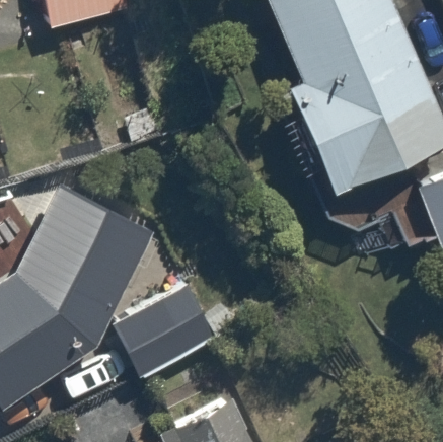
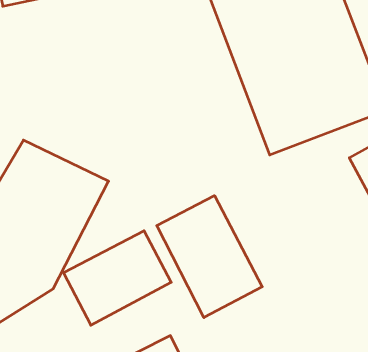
building: none -> [157,196,262,318]

